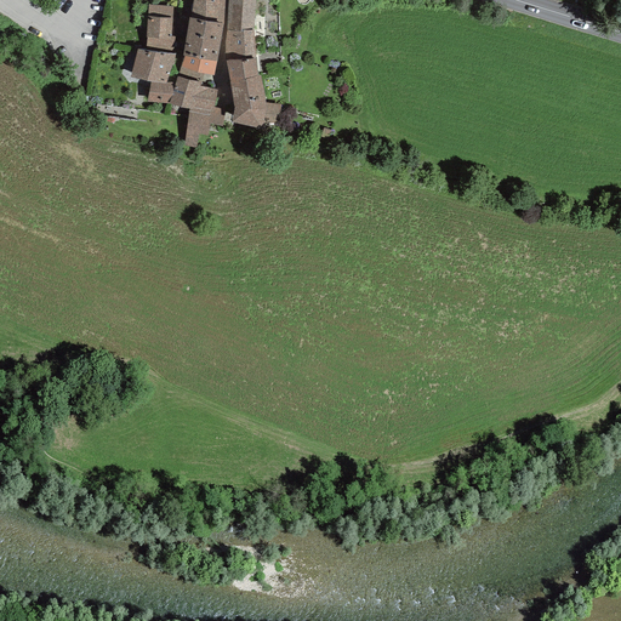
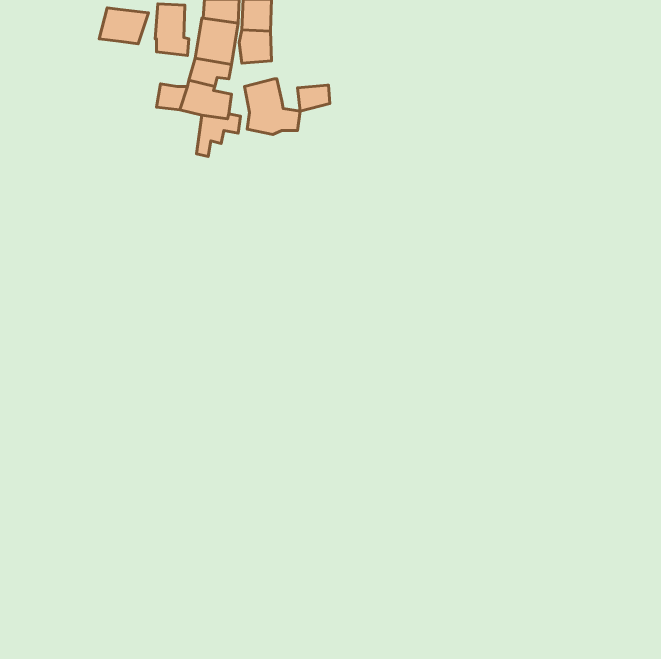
building: [130,47,176,81] -> [99,8,148,44]
building: [227,57,257,81] -> [298,85,330,111]

